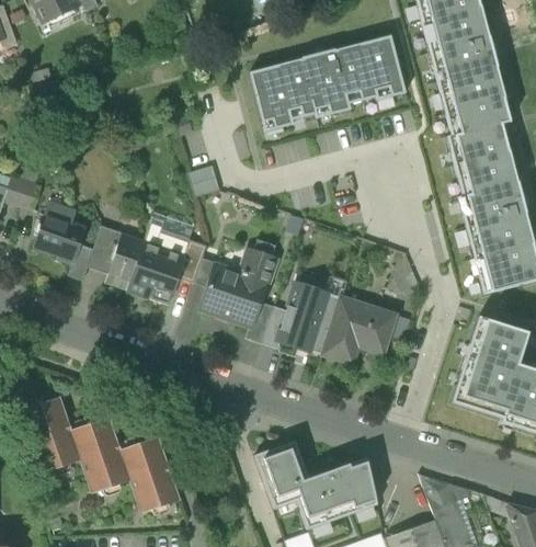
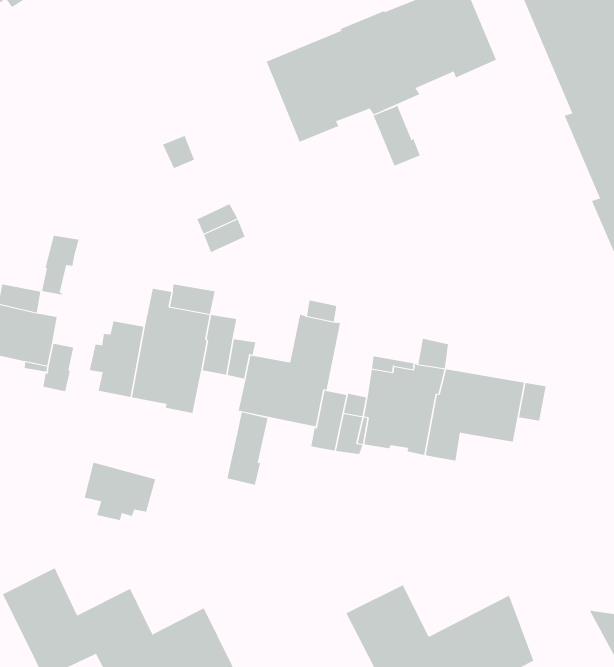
building: none -> [373,105,421,167]
building: [89,227,119,269] -> [41,235,79,295]
building: none -> [227,412,268,485]
building: none -> [84,462,156,521]

